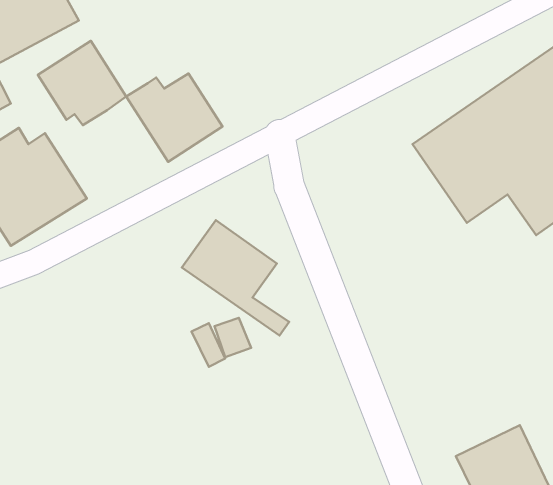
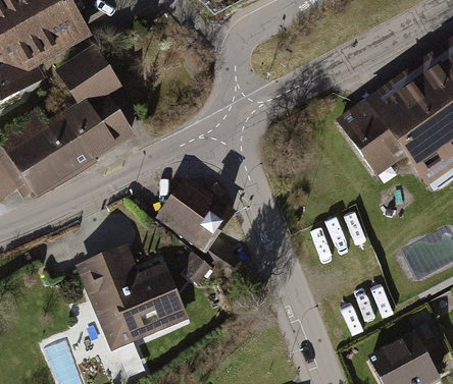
building: [126,74,223,162] -> [59,96,132,162]
building: none -> [75,244,186,350]

